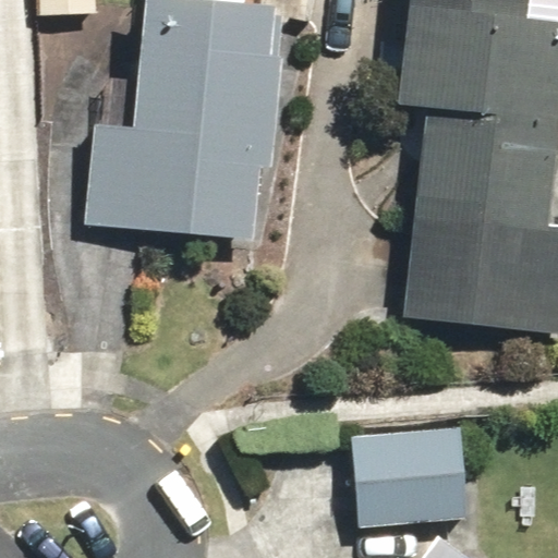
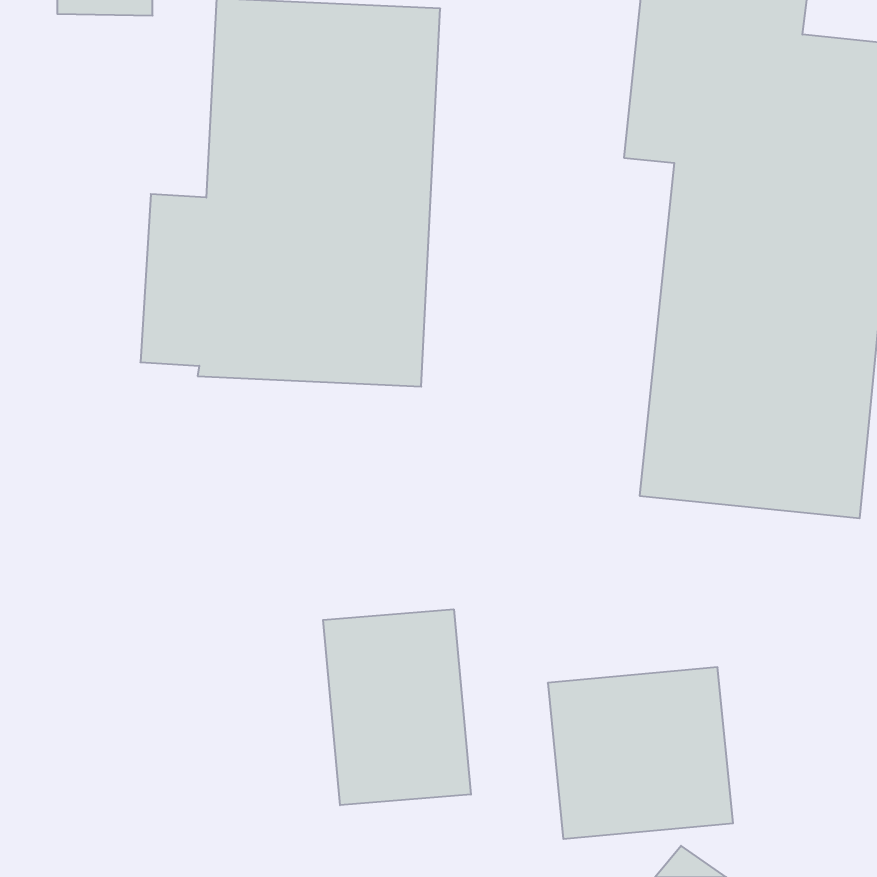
building: none -> [323,609,471,805]

